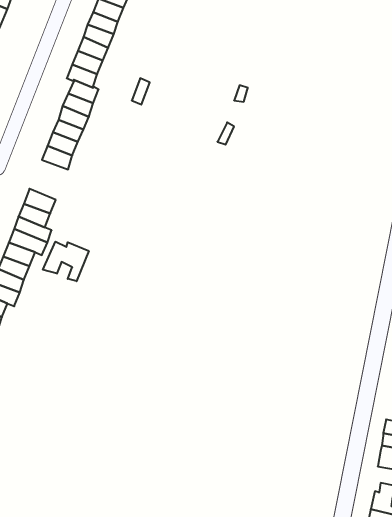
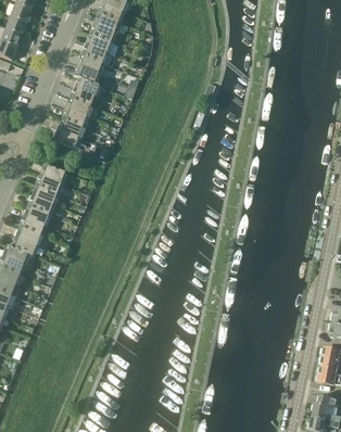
building: [43,242,89,281] -> none

